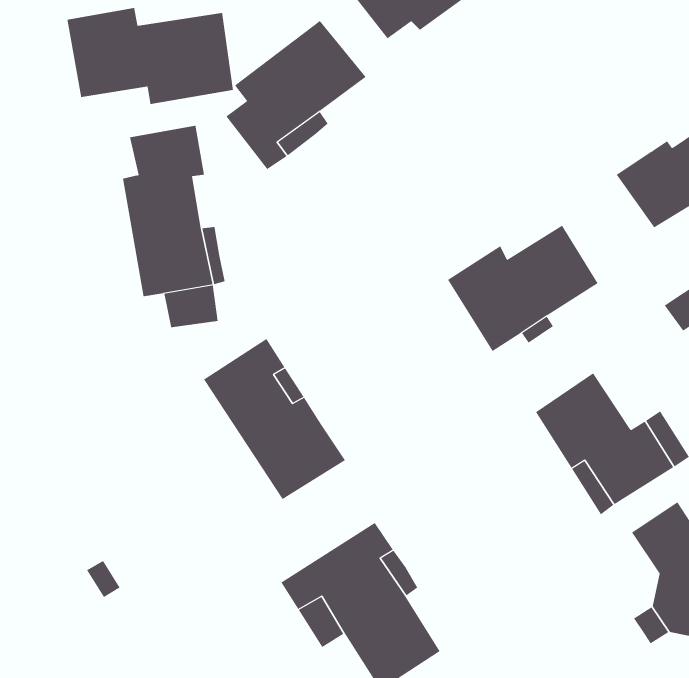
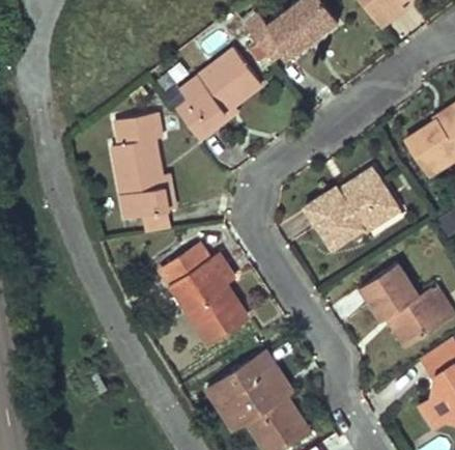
building: [67,7,234,105] -> none

